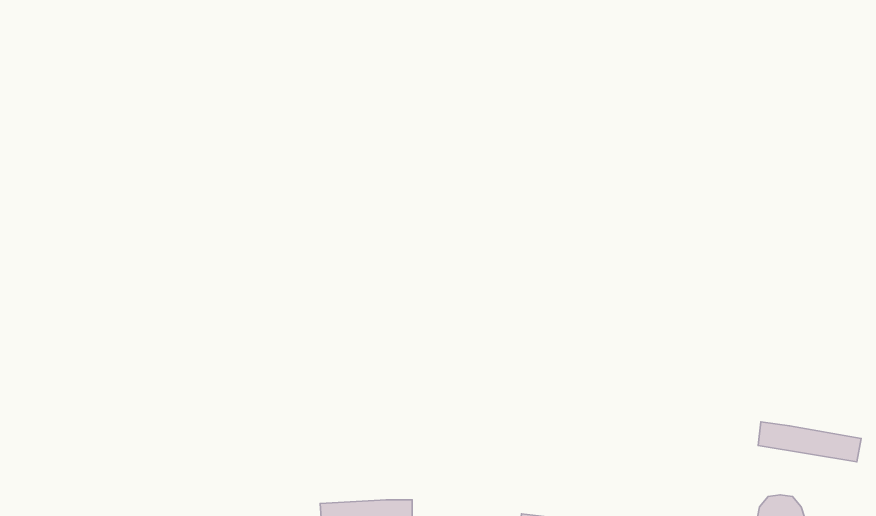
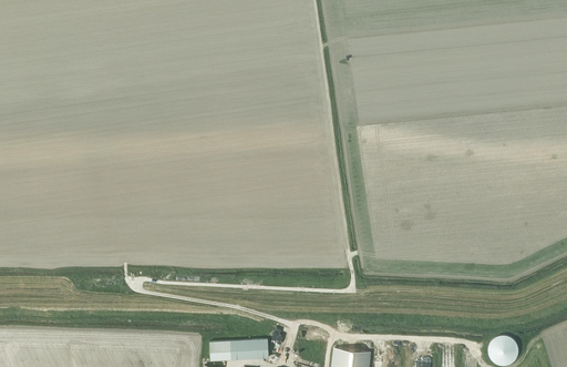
building: [758,422,861,462] -> none

